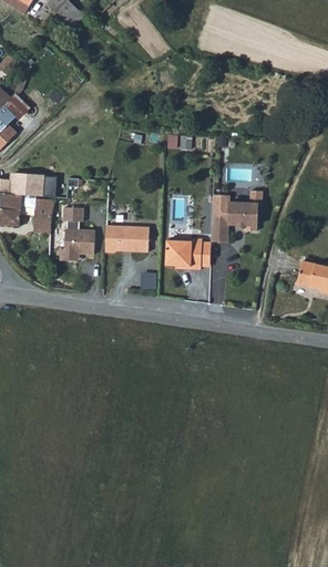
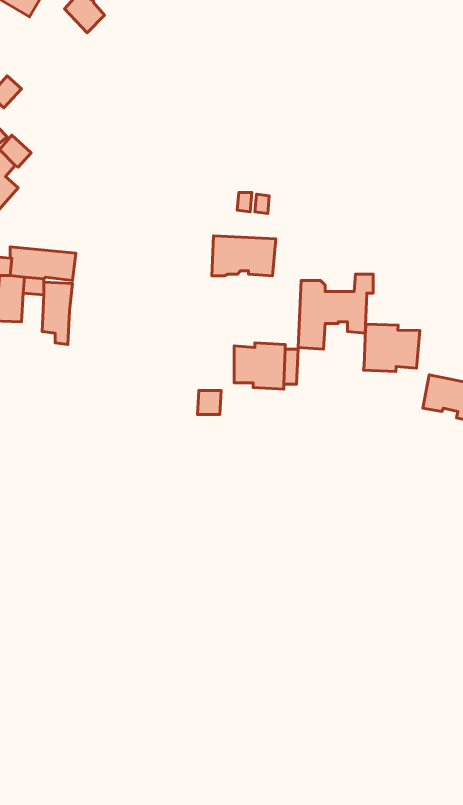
building: [60,207,94,260] -> none
building: [105,217,150,245] -> [212,236,276,276]
building: none -> [364,324,420,371]

